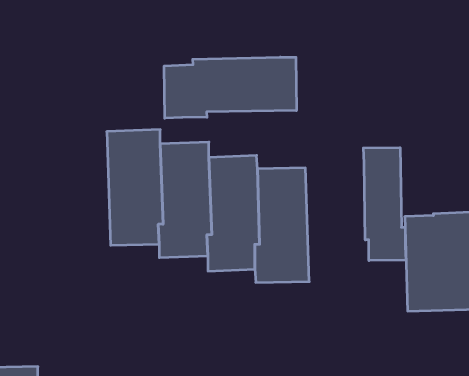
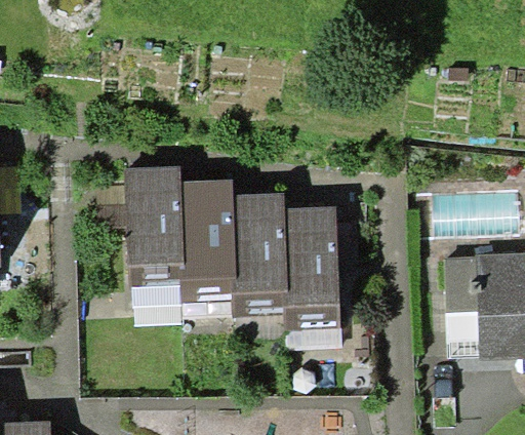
building: [164,57,296,118] -> none
building: [363,148,406,261] -> none

